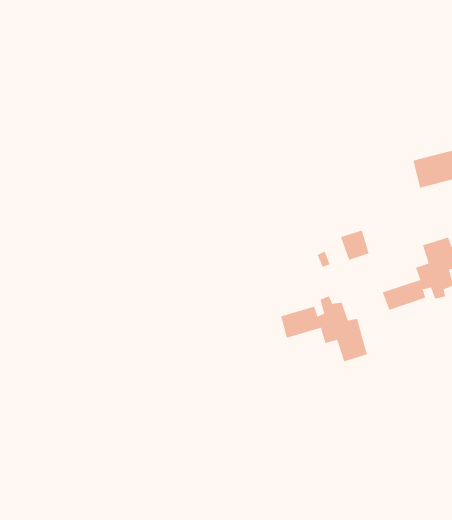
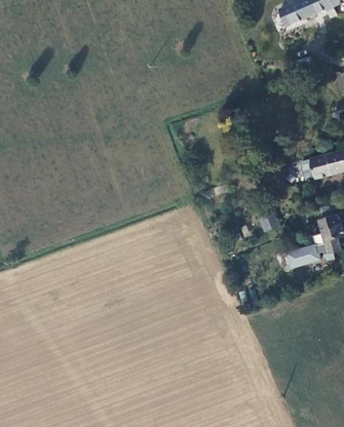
building: [280,295,367,362] -> none

